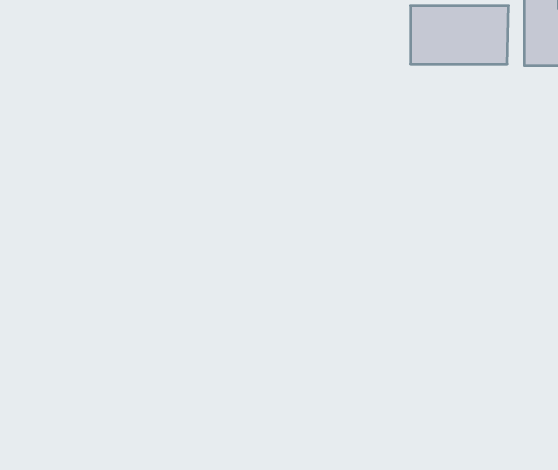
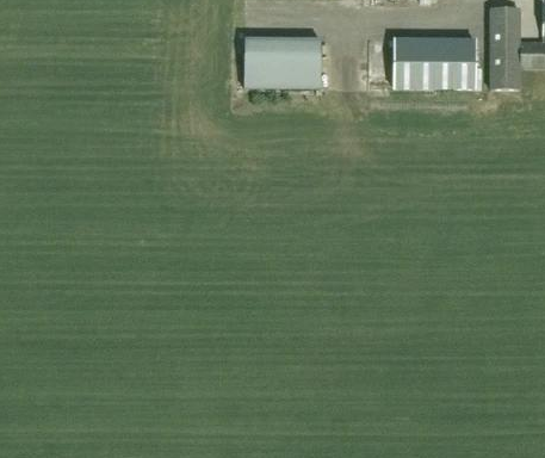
building: none -> [244,41,322,87]

